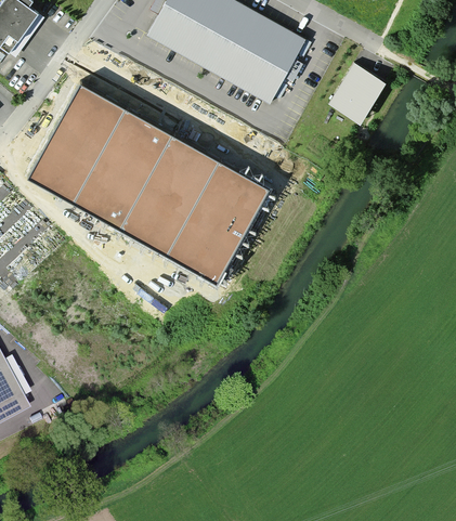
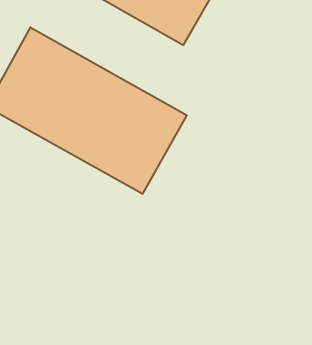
building: [327,62,386,125] -> none

